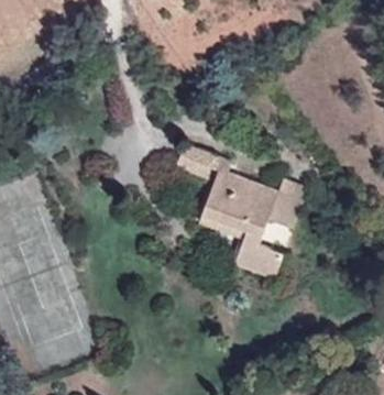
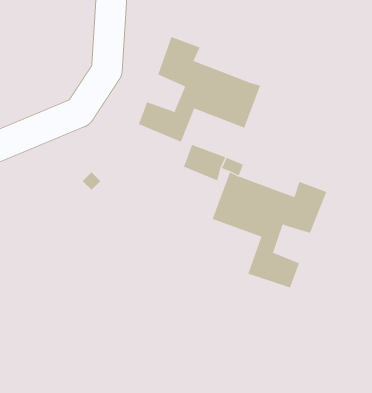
building: none -> [138,36,261,142]

